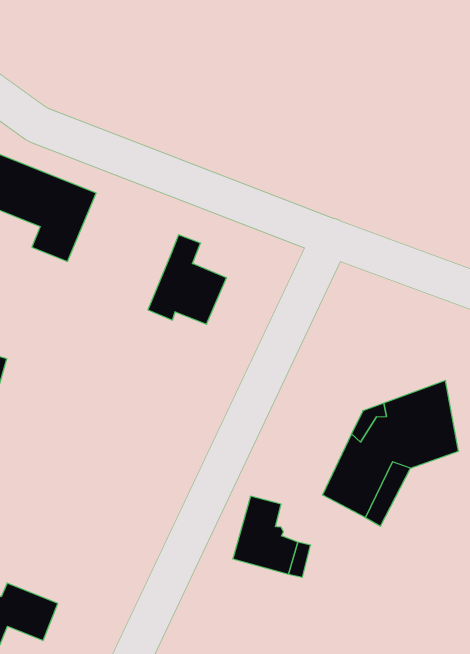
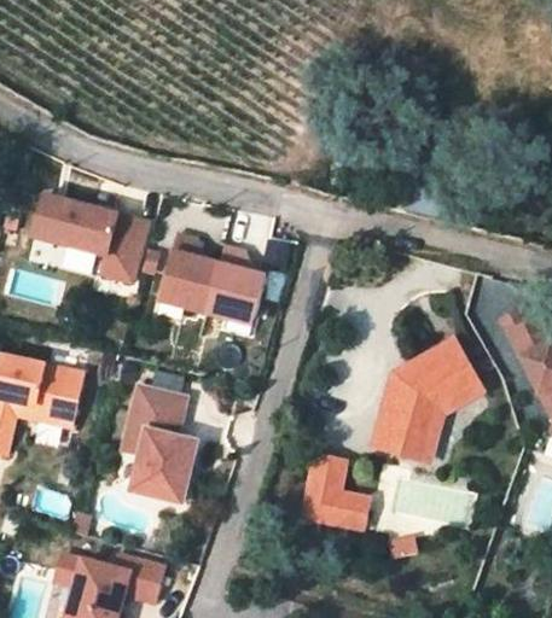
building: none -> [156,233,215,313]
building: none -> [116,383,190,500]

